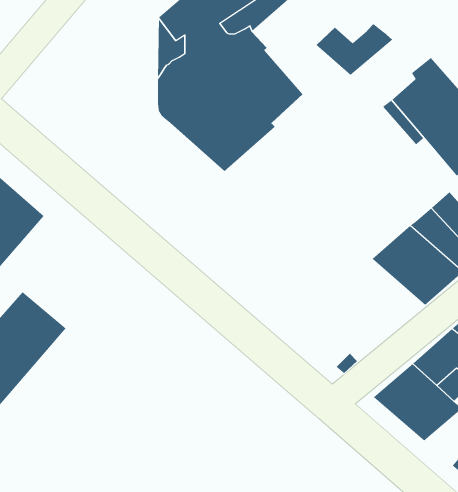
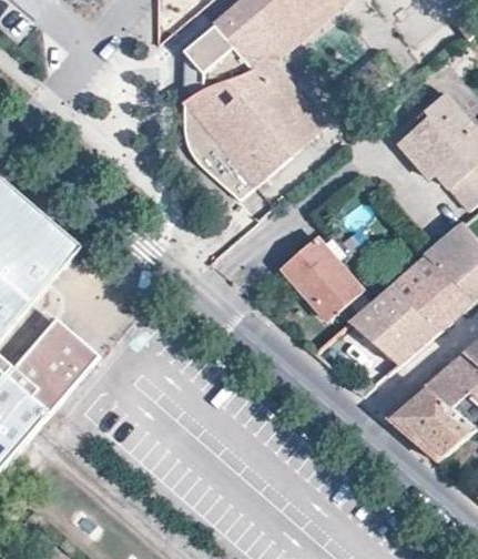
building: [316,23,393,76] -> none
building: none -> [283,236,362,317]
building: none -> [349,286,439,364]

